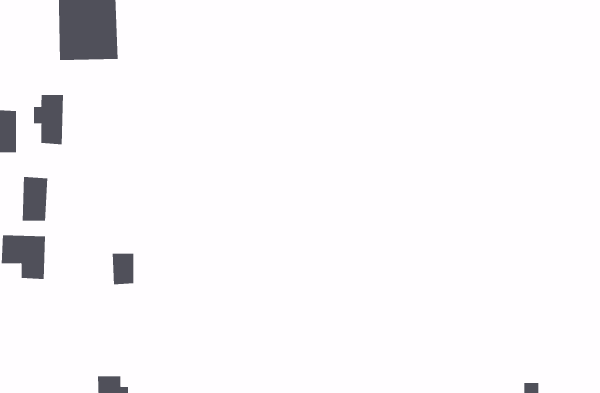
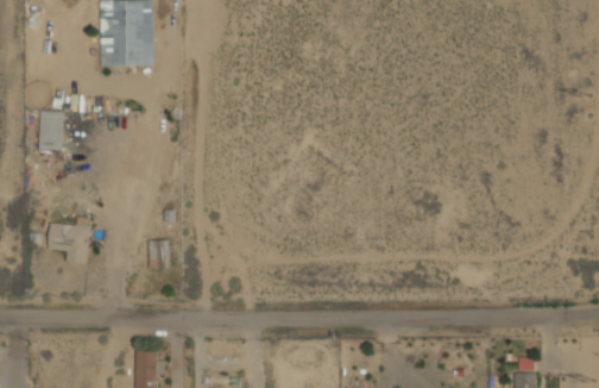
building: [33,94,64,145] -> none
building: [22,176,48,221] -> none

